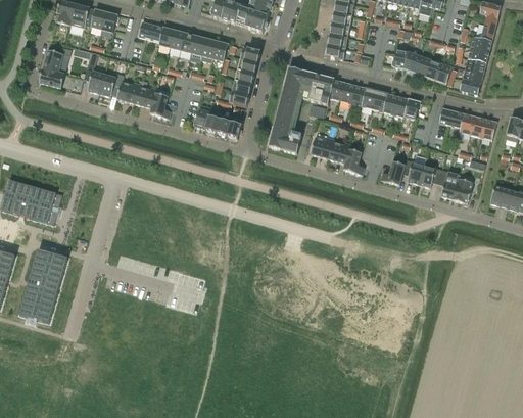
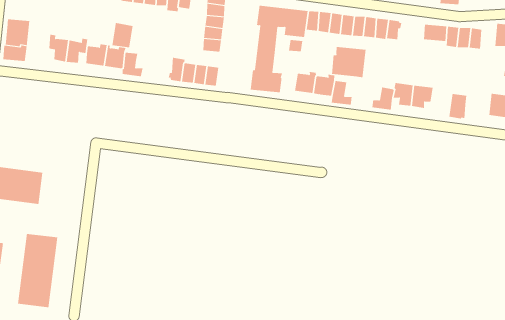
building: none -> [112,22,133,48]
building: none -> [332,46,366,78]
building: [437,169,459,198] -> none

